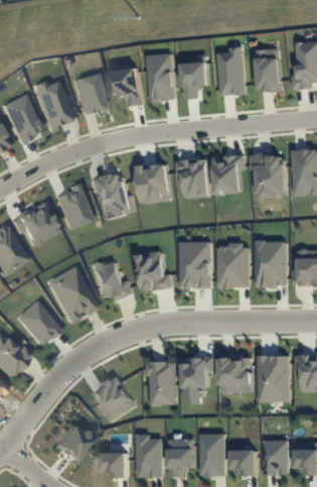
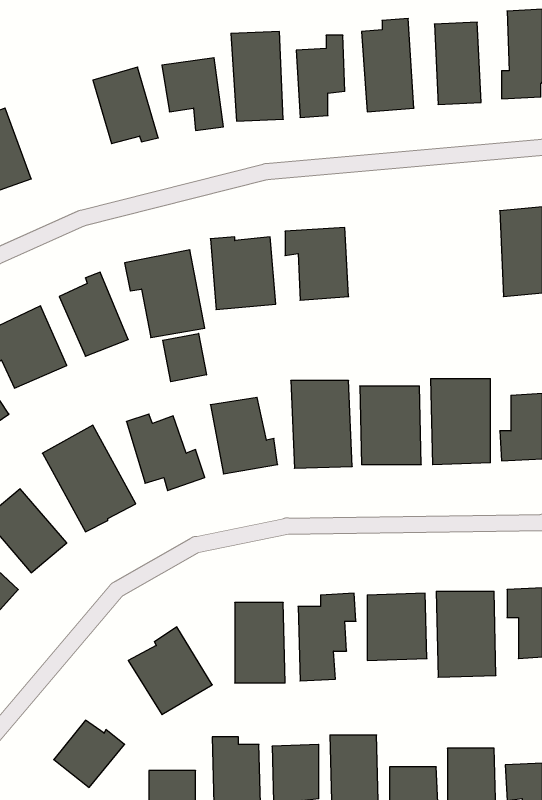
building: [34,80,72,129] -> none
building: [252,152,288,198] -> none
building: [215,154,247,194] -> none
building: none -> [163,333,206,382]

